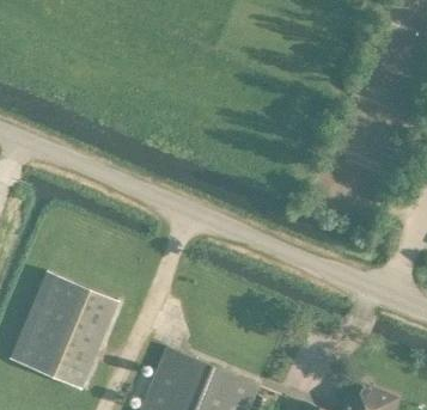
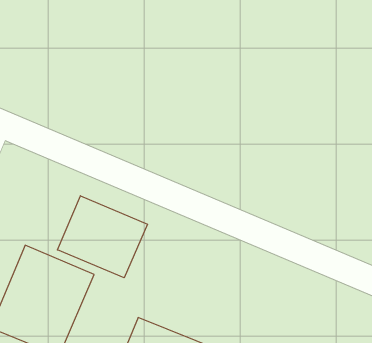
building: none -> [57,196,148,278]

